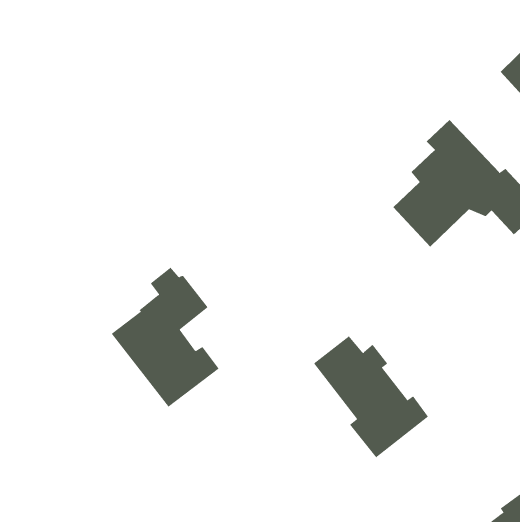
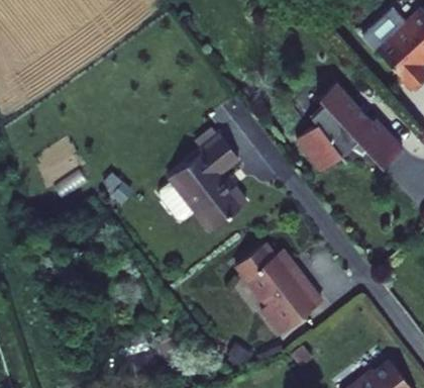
building: [111,267,220,408] -> [169,131,247,233]

